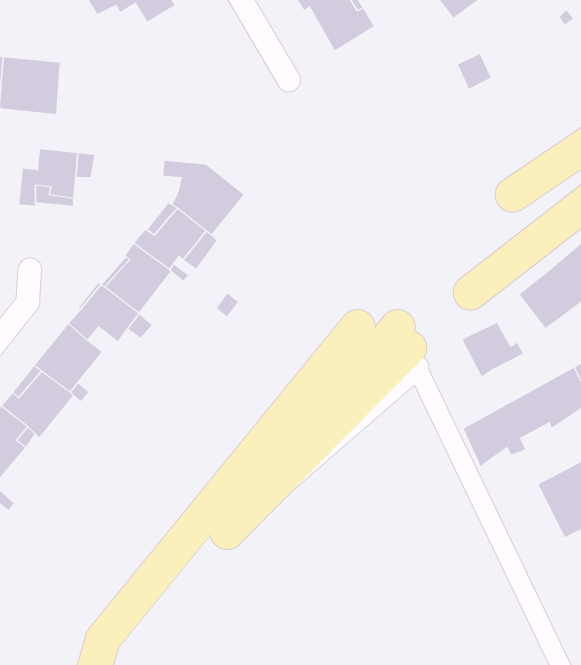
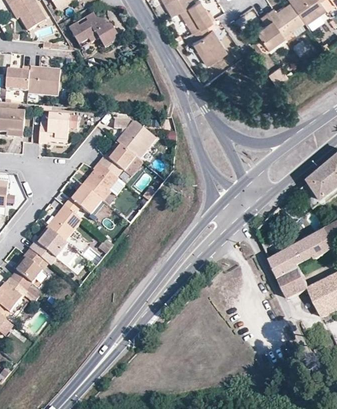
building: [462,322,524,377] -> none
building: none -> [279,270,311,299]

